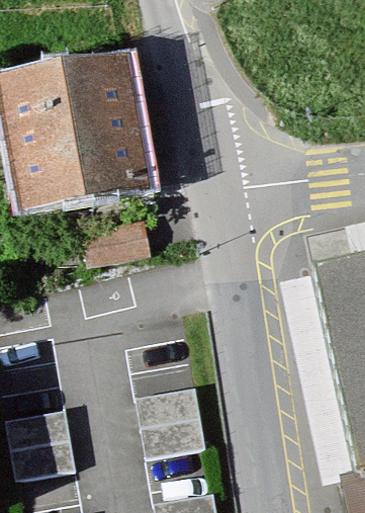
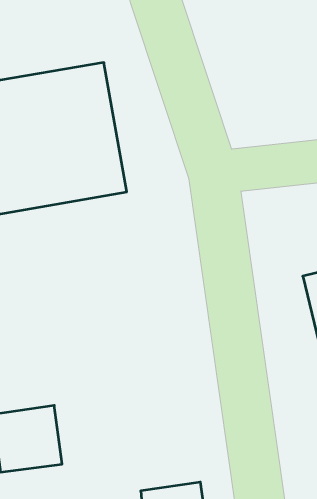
building: [141,384,212,458] -> none

